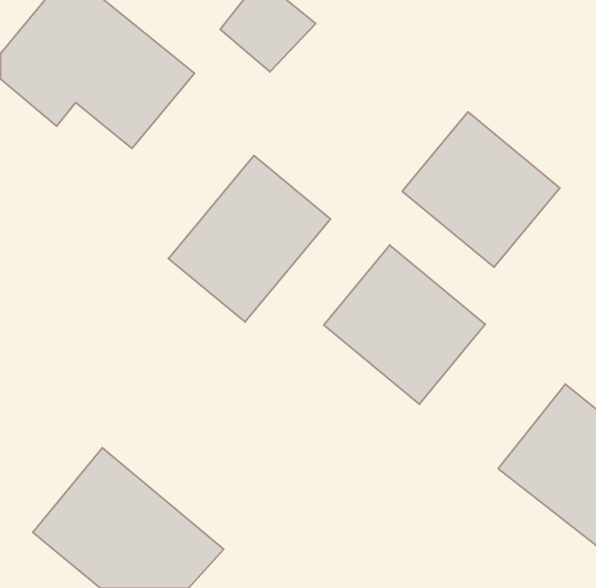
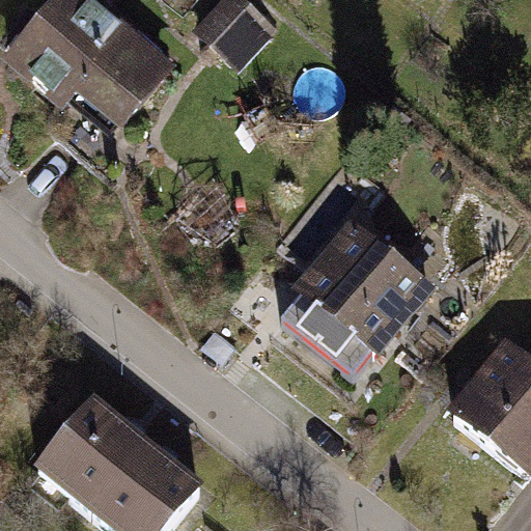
building: [402,112,560,267] -> none
building: [168,156,330,322] -> none

